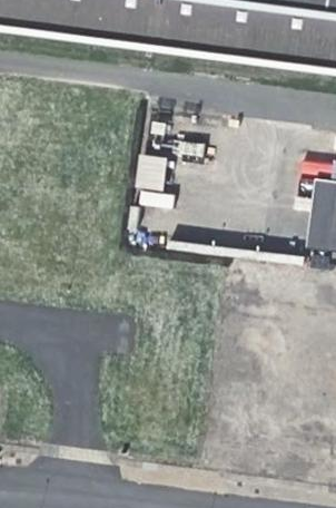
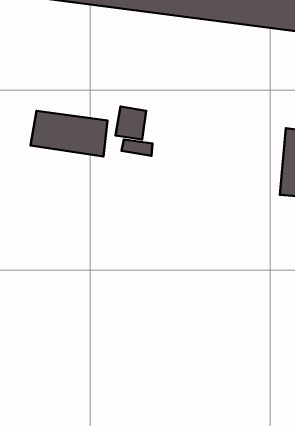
building: none -> [31,111,107,157]

